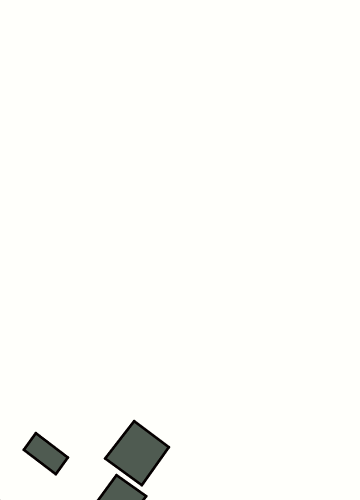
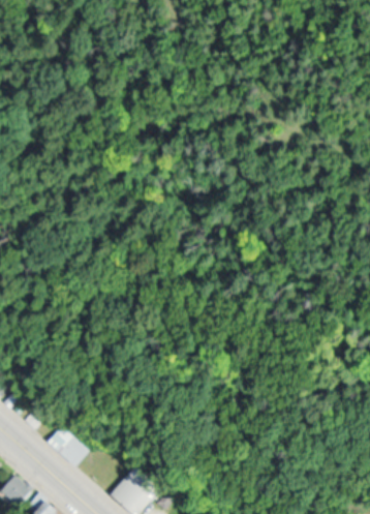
building: [105,421,169,485] -> none

